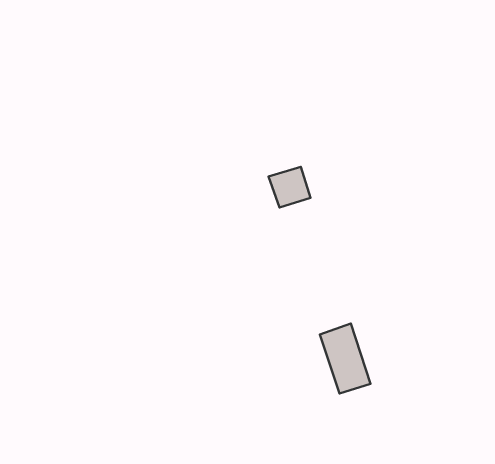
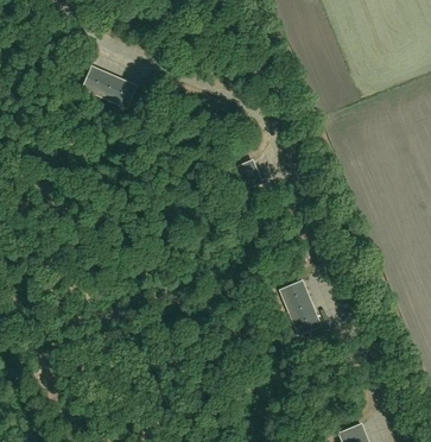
building: none -> [77,64,133,108]

